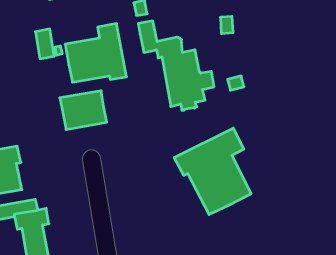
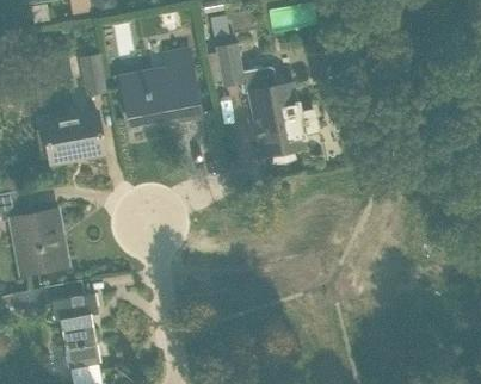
building: [60,91,107,130] -> [42,112,104,163]
building: [174,128,251,215] -> none

